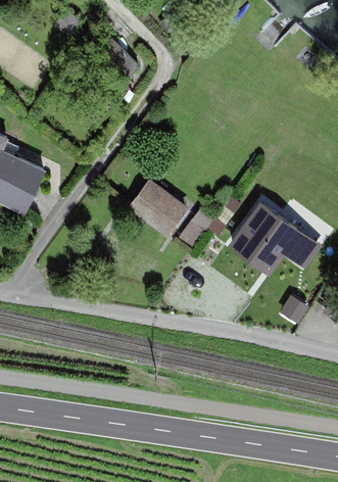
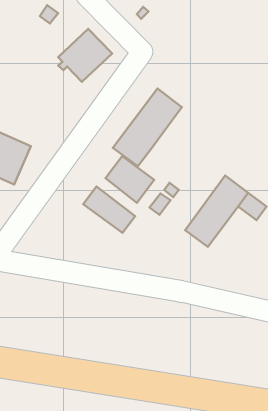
building: none -> [113,89,182,166]
building: none -> [83,187,135,233]

